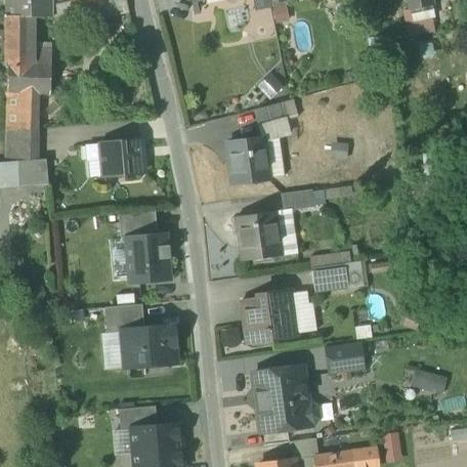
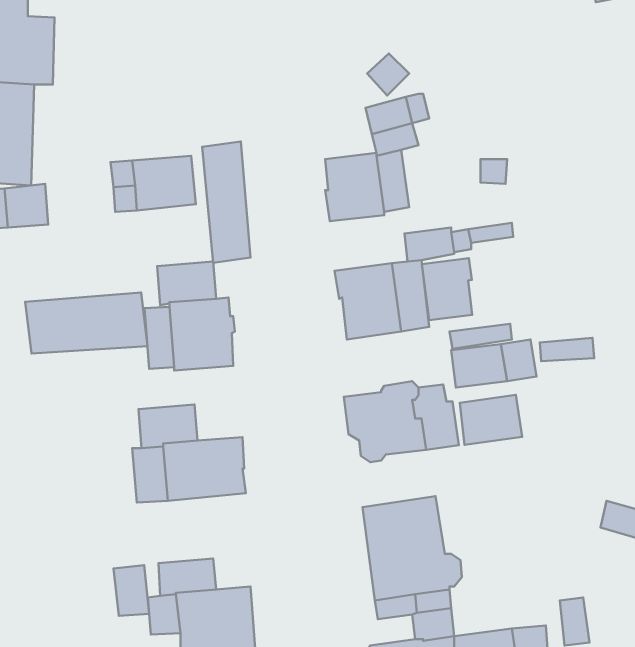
building: none -> [202,141,251,263]
building: none -> [422,258,472,320]
building: none -> [25,293,147,354]
building: [325,341,366,374] -> [460,395,522,445]
building: none -> [114,565,149,616]

